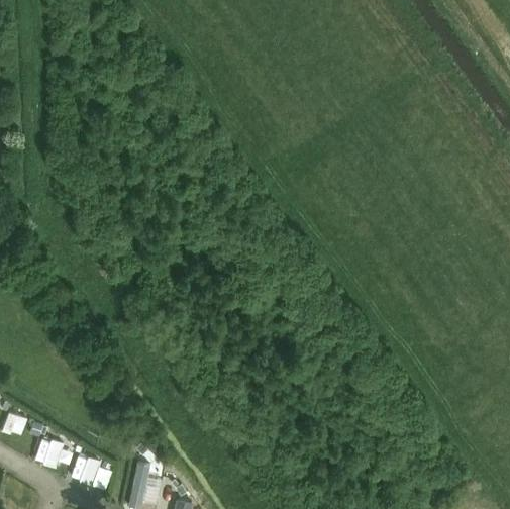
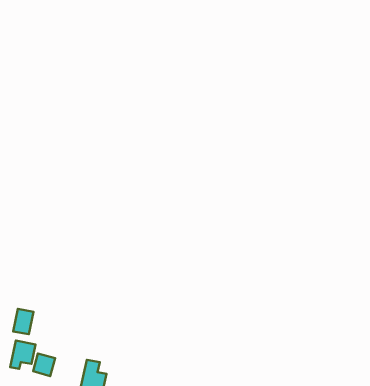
building: none -> [13,309,33,334]

